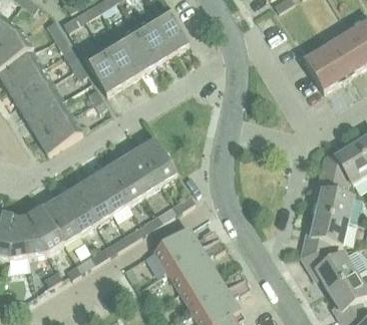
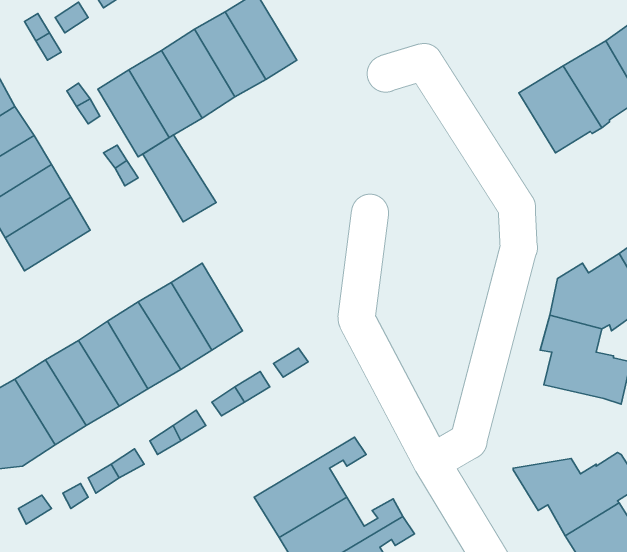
building: [139,138,177,184] -> [143,135,216,222]
building: [301,212,348,255] -> none
building: [154,228,219,270] -> none

